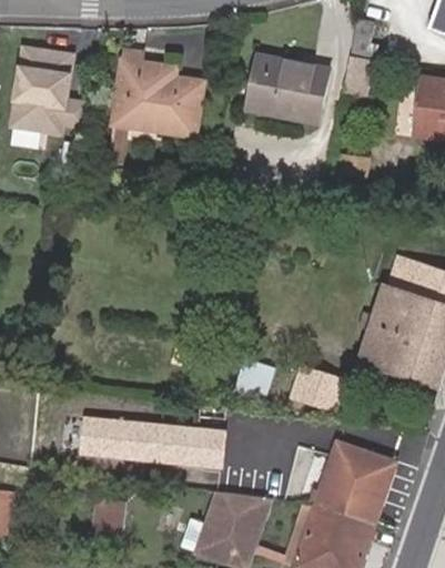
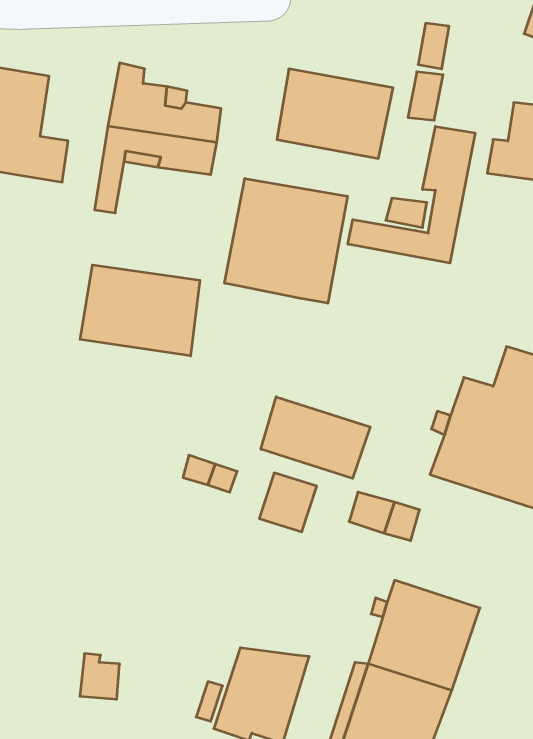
building: none -> [348,126,475,263]
building: none -> [225,178,347,303]
building: none -> [80,265,200,356]
building: none -> [261,397,370,478]
building: [78,417,229,471] -> none

